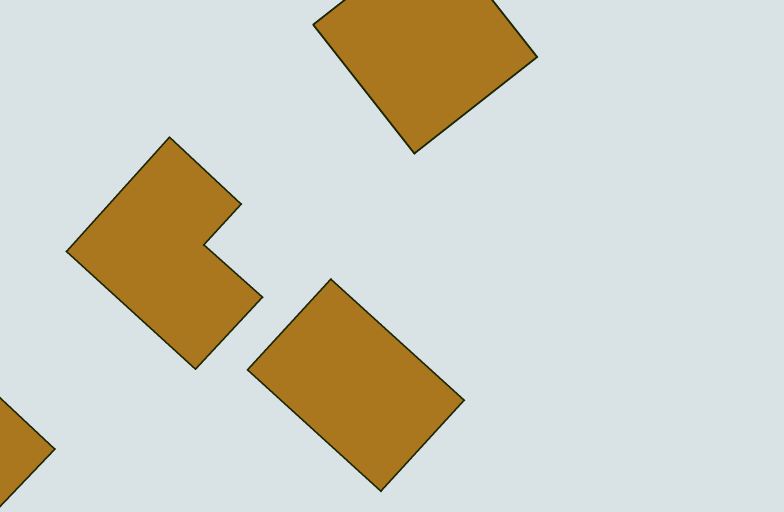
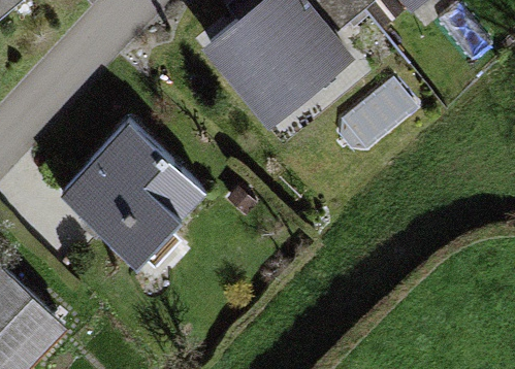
building: [248,279,464,491] -> none

